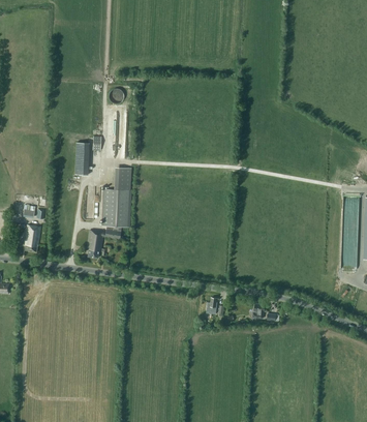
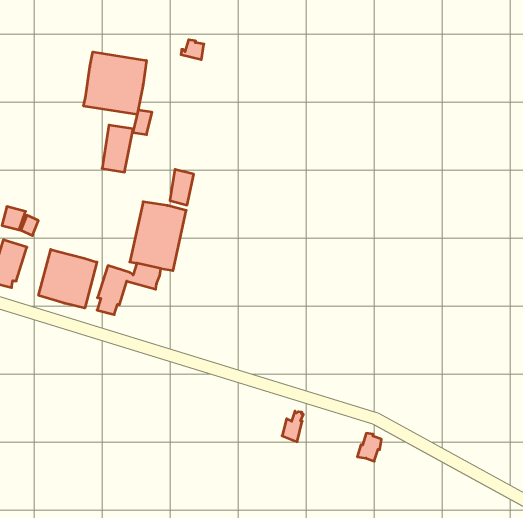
building: none -> [84,52,146,115]
building: none -> [39,249,97,308]

